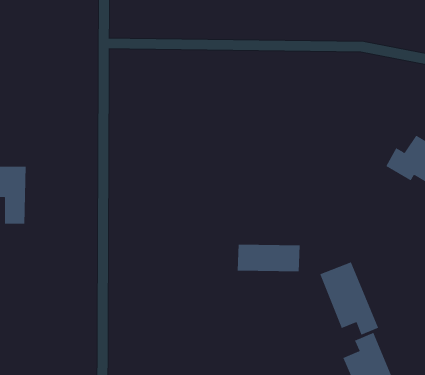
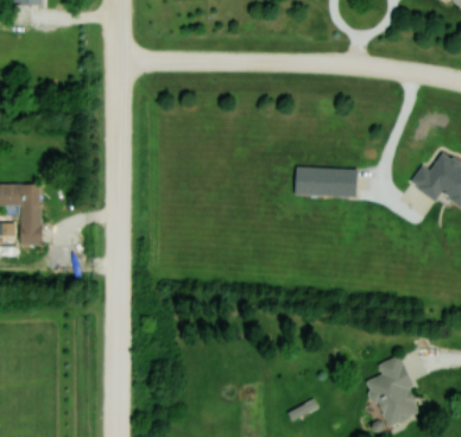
building: [237,244,301,272] -> [293,167,359,196]
building: [319,261,379,336] -> none

